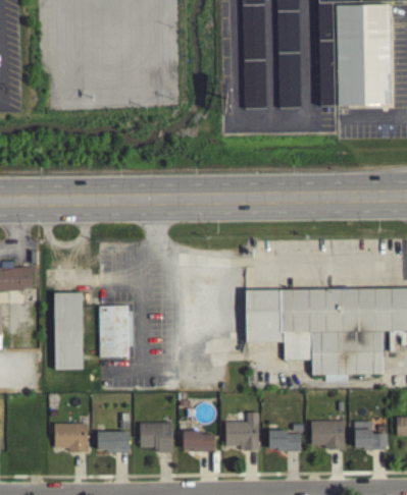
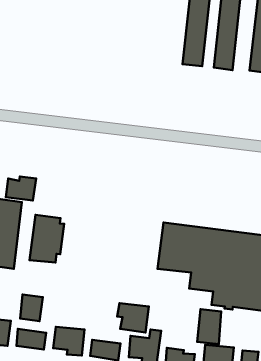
building: none -> [6,177,36,200]
building: none -> [197,309,221,344]
building: none -> [117,303,149,332]
building: none -> [20,294,43,321]

